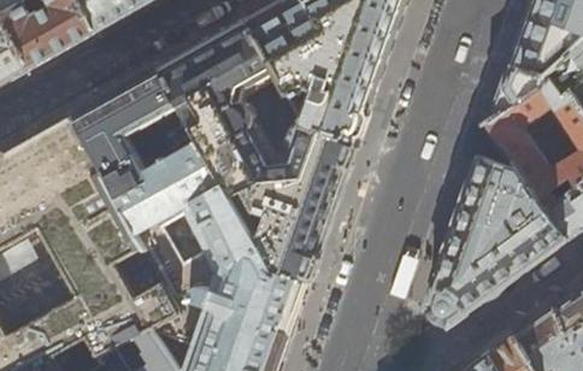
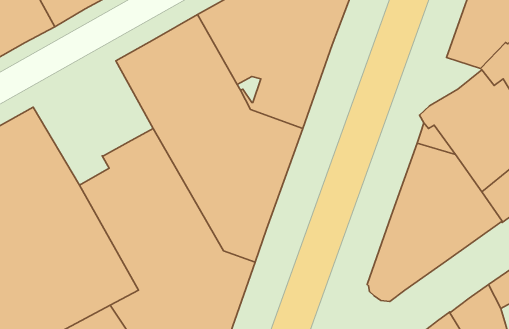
building: [490,66,546,118] -> none
building: [69,70,196,202] -> none

